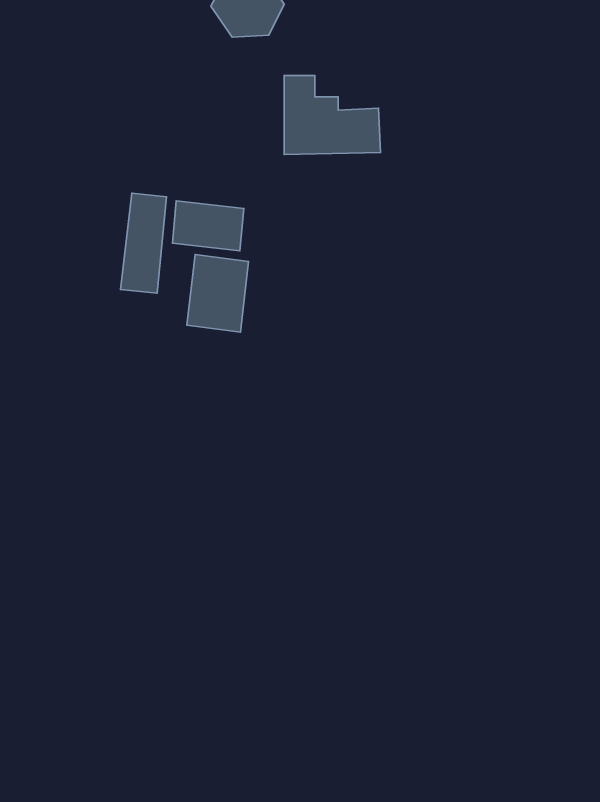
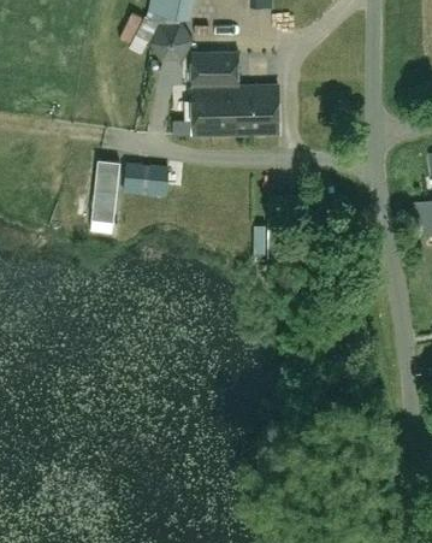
building: none -> [193,57,279,134]
building: [187,254,249,332] -> none

